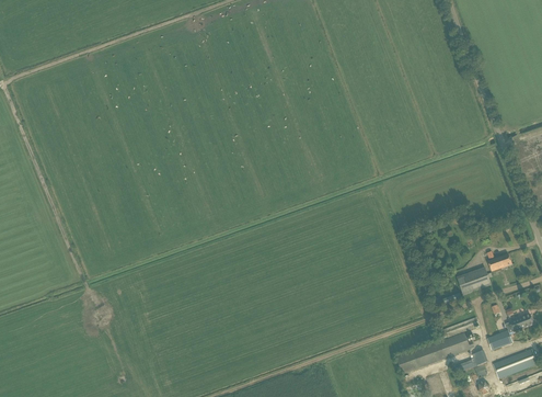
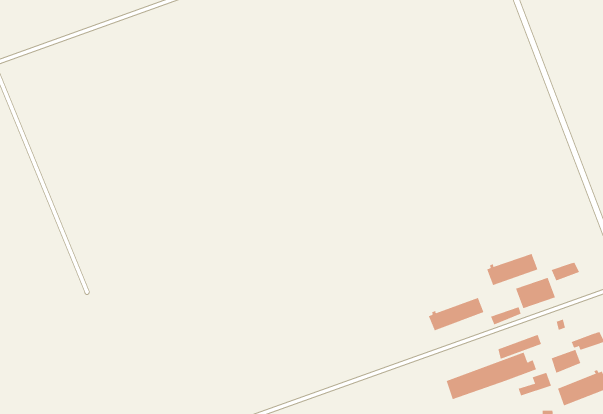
building: none -> [486,253,538,286]
building: none -> [428,297,484,331]

